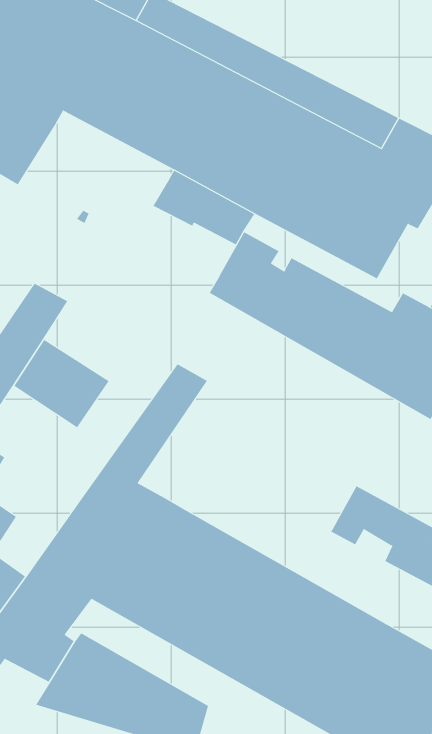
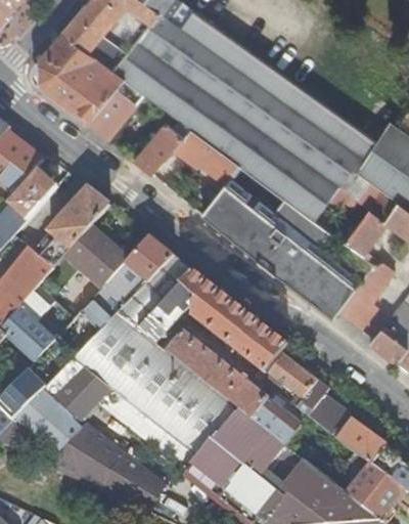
building: none -> [87,88,135,138]
building: none -> [133,122,186,174]
building: none -> [81,236,174,331]
building: none -> [137,269,286,378]
building: none -> [165,332,301,445]

